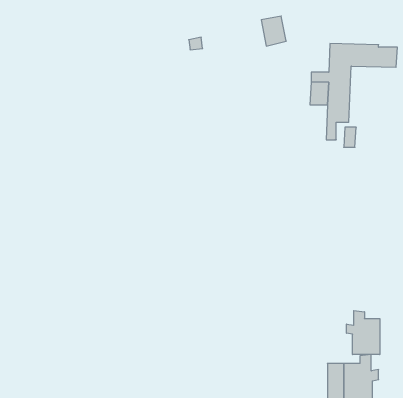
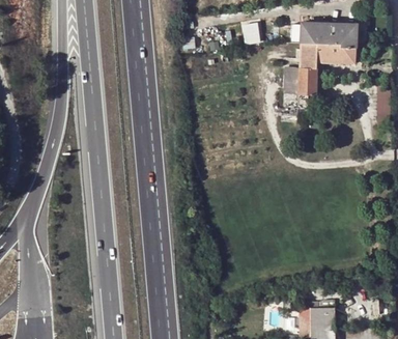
building: none -> [291,21,357,46]
building: [347,311,380,355] -> none

